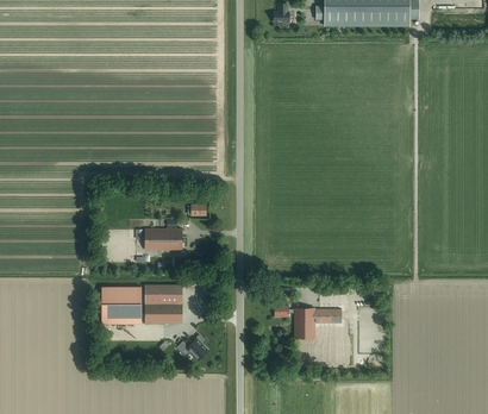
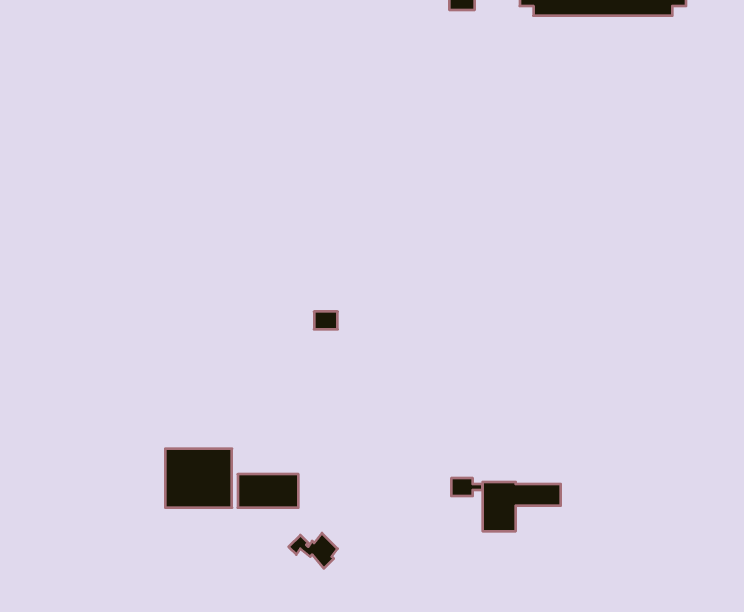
building: [145,228,182,250] -> none
building: [145,284,182,303] -> none

